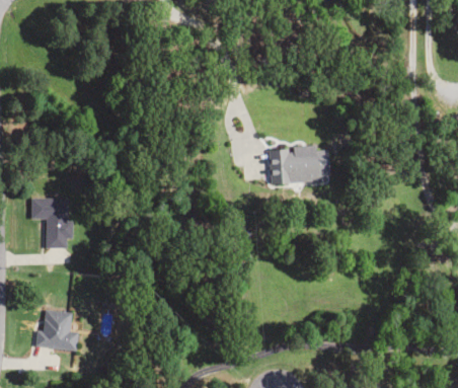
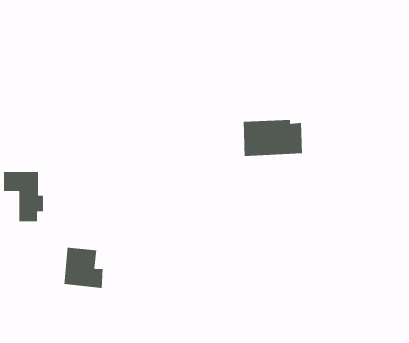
building: [39,309,78,351] -> [64,247,103,289]

